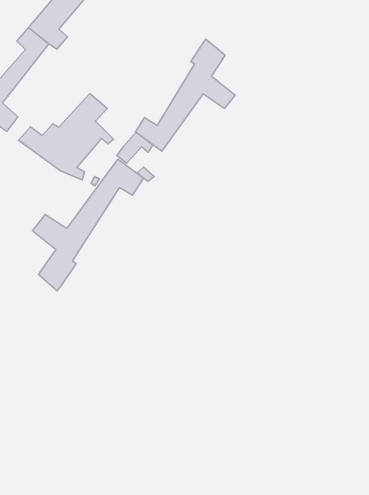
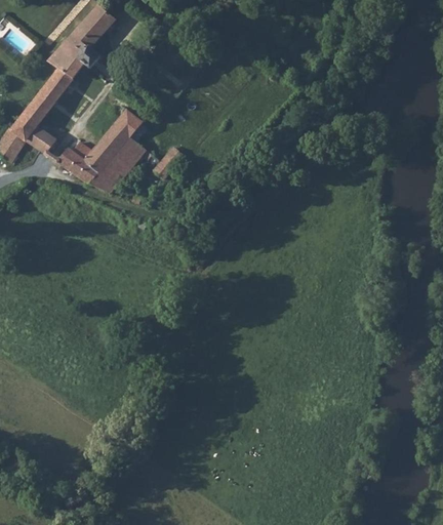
building: [135,39,235,151] -> none
building: [33,159,144,291] -> none

